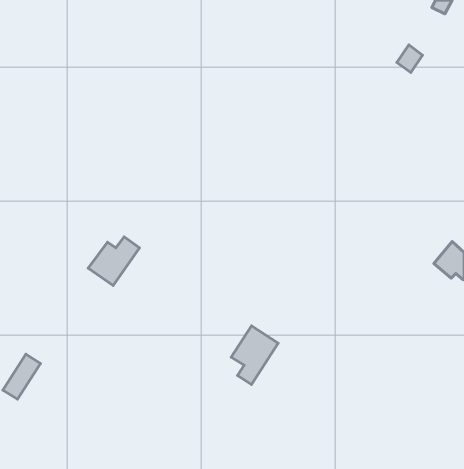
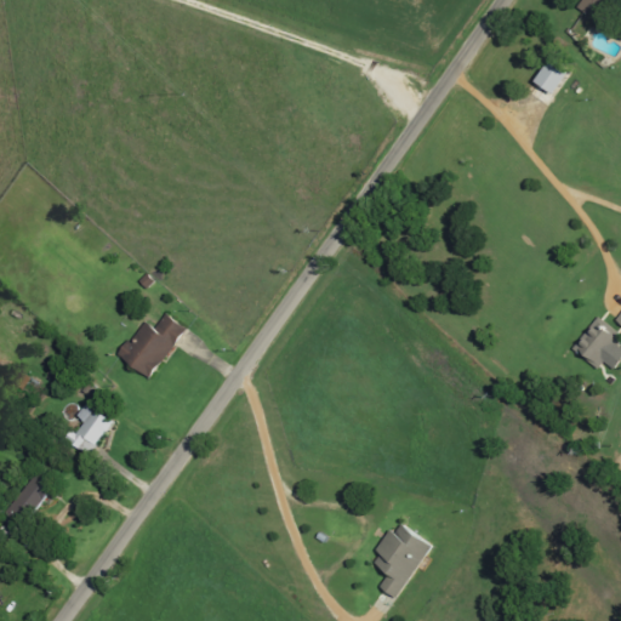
building: none -> [68,403,110,455]
building: [231,326,278,385] -> [370,520,432,598]

